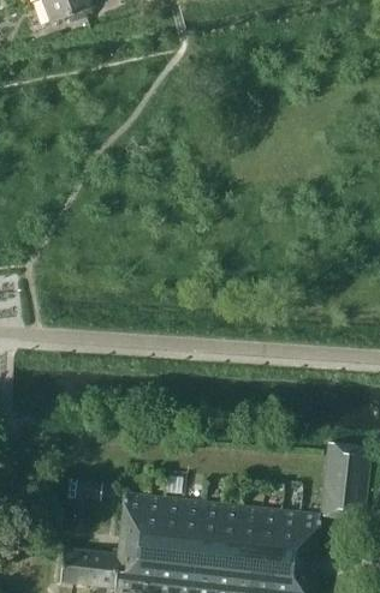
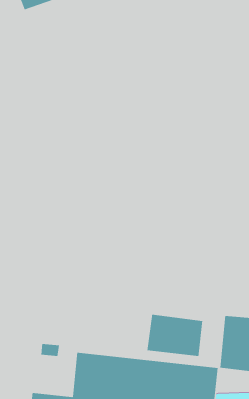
building: none -> [147,314,203,357]

